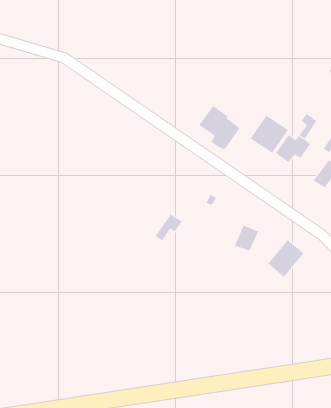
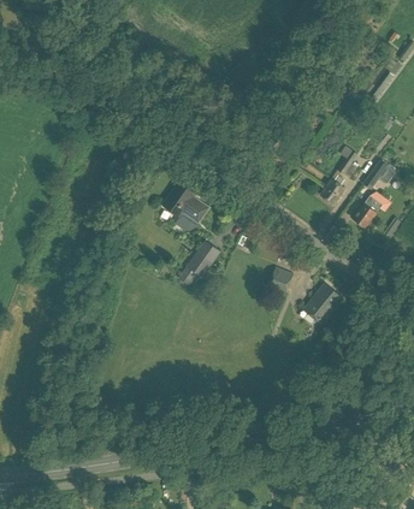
building: [198,105,240,149] -> [162,183,208,231]
building: [250,115,289,154] -> none

